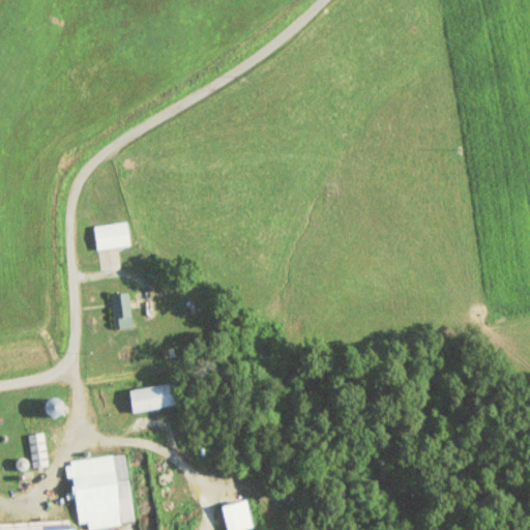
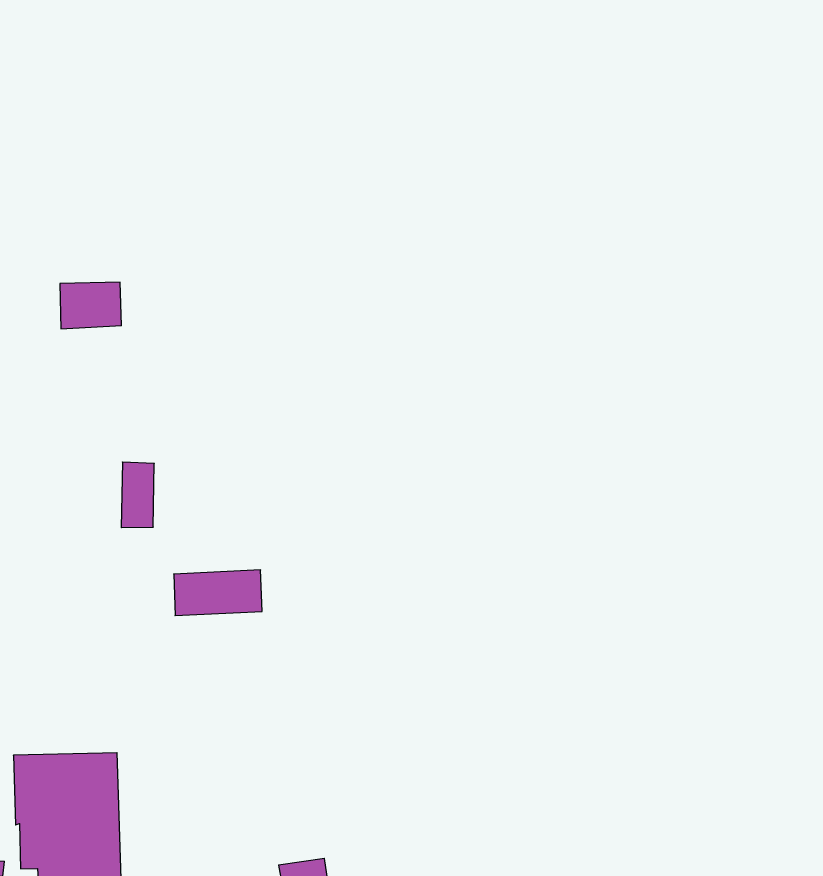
building: [94,223,130,252] -> [60,282,121,329]
building: [129,383,180,413] -> [174,570,262,616]

